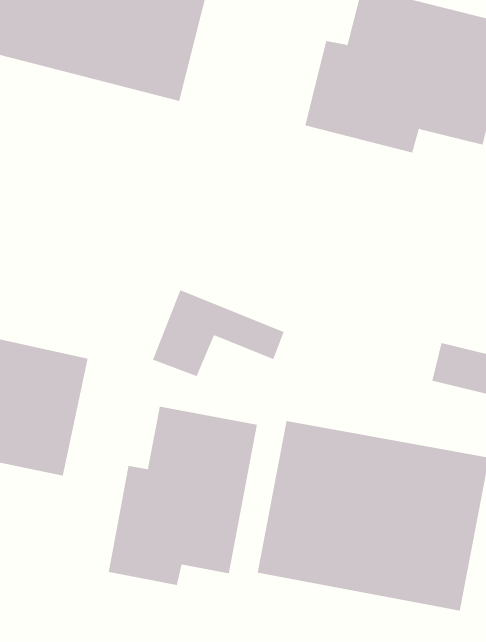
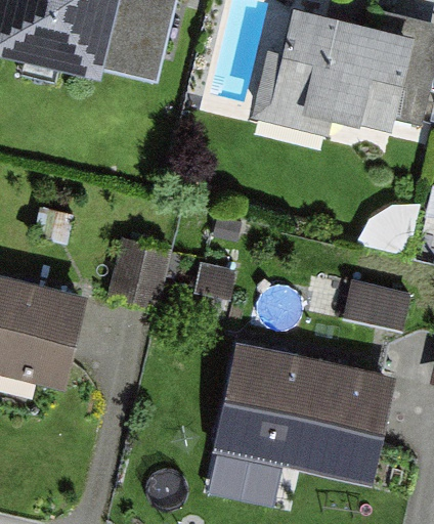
building: [108,406,258,586] -> none

